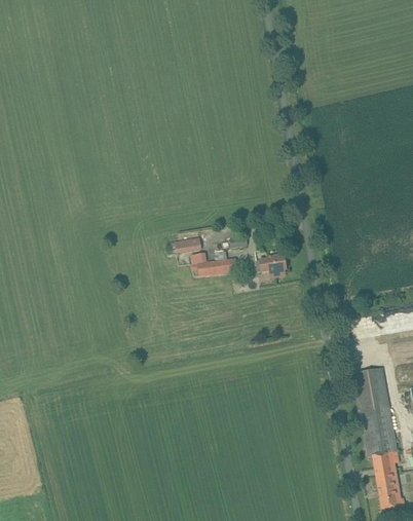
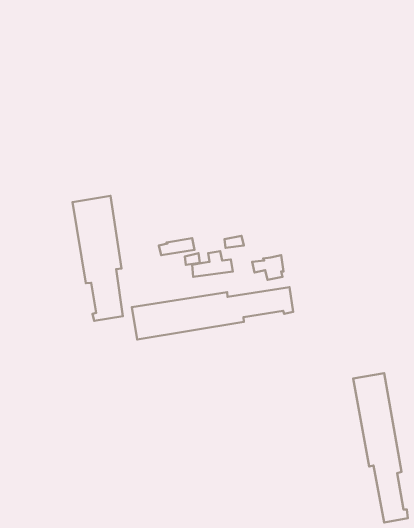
building: none -> [72,196,123,321]
building: none -> [132,287,293,340]

